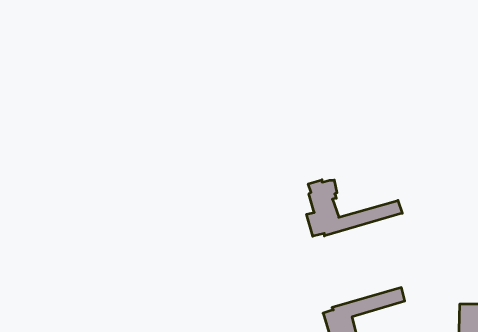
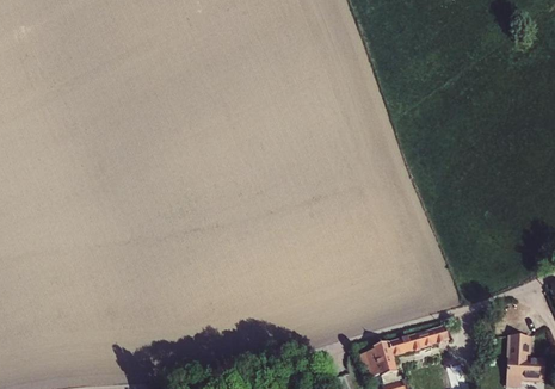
building: [307,180,402,236] -> none

